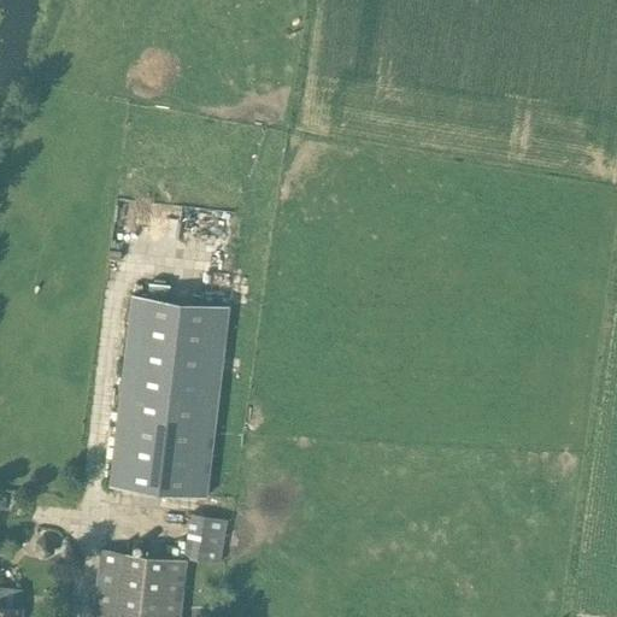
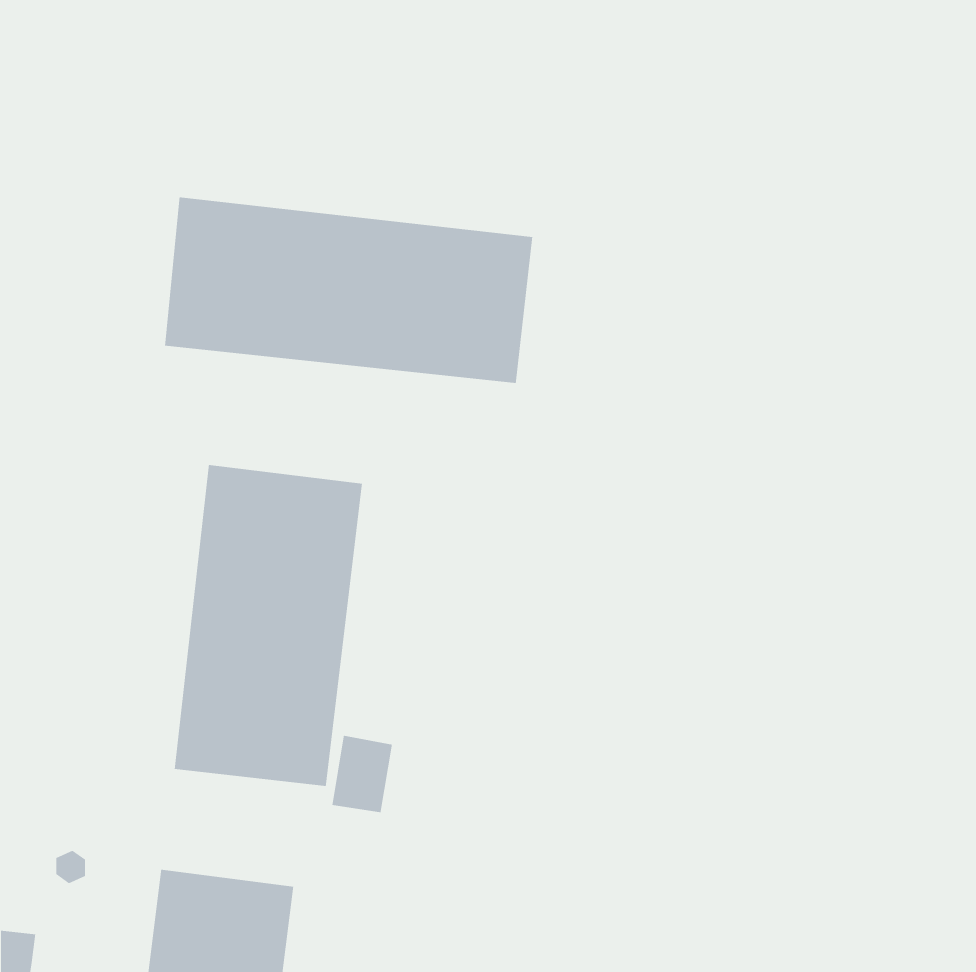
building: none -> [164,197,533,384]
building: [189,517,228,566] -> [332,735,393,813]

